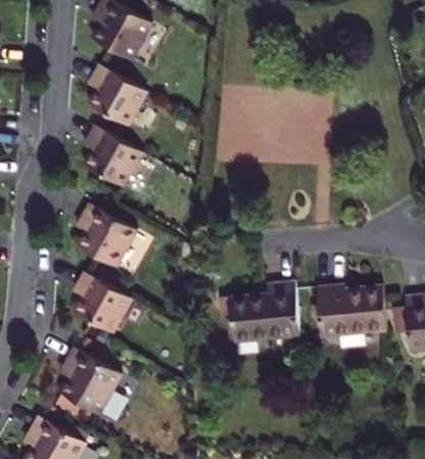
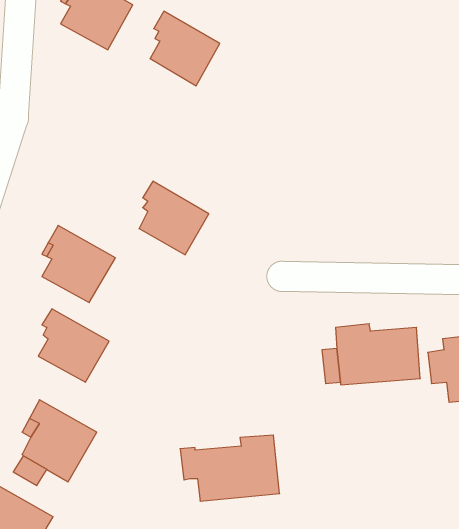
building: [90,64,147,126] -> [150,11,220,86]
building: [86,126,143,186] -> [139,181,209,255]
building: [220,286,301,340] -> [180,435,280,501]

